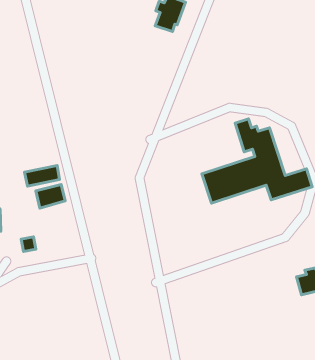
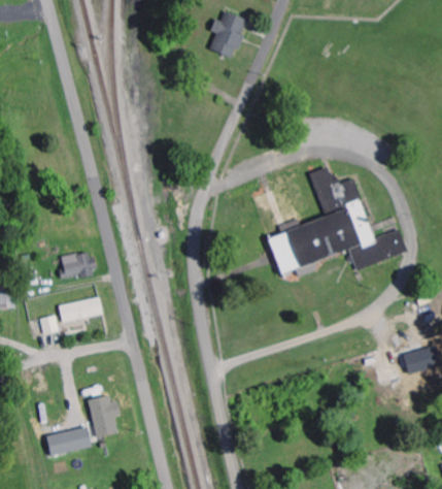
building: [24,166,60,186] -> [58,297,102,323]
building: none -> [88,396,120,438]
building: none -> [44,427,92,457]

